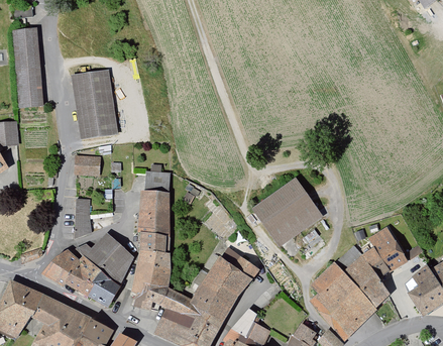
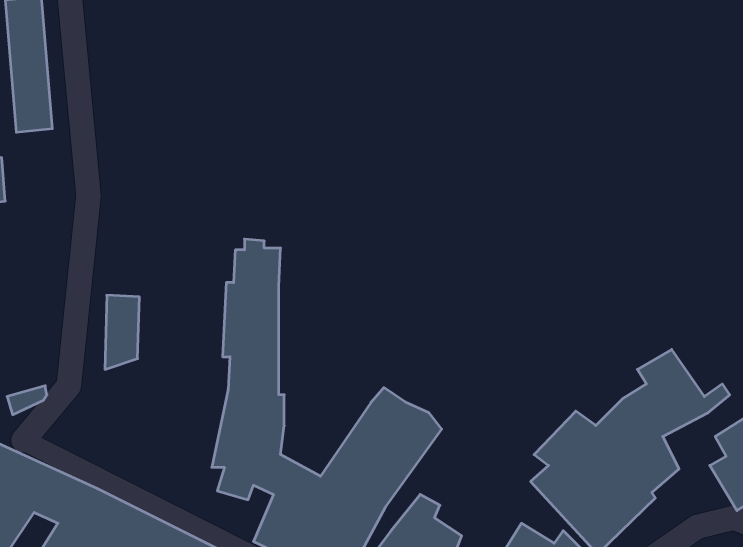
building: [70,69,117,138] -> none
building: [72,155,99,178] -> none
building: [252,178,324,247] -> none
building: [41,231,133,307] -> none

